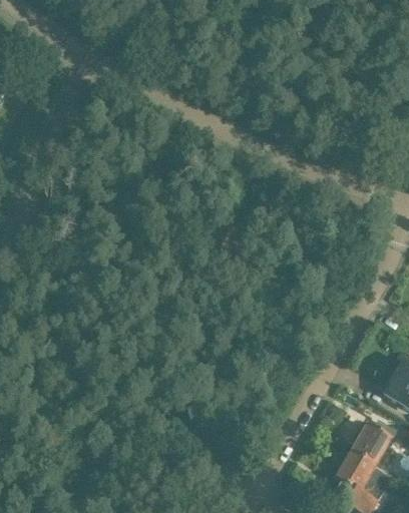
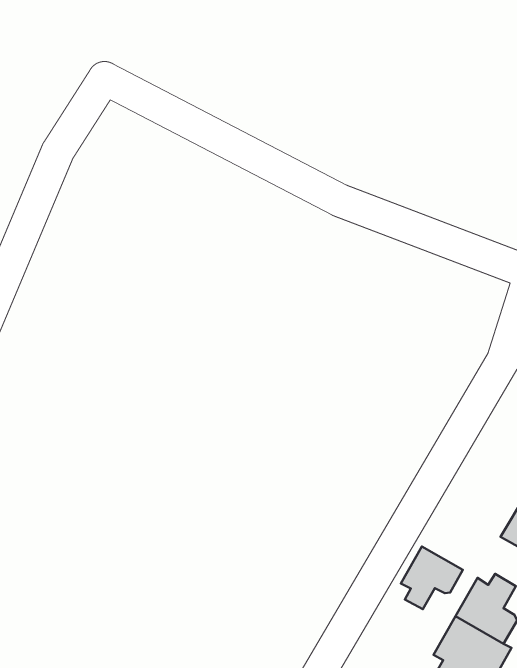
building: none -> [401,547,463,609]

